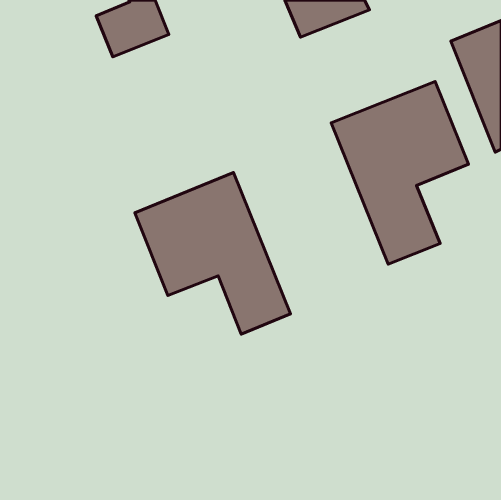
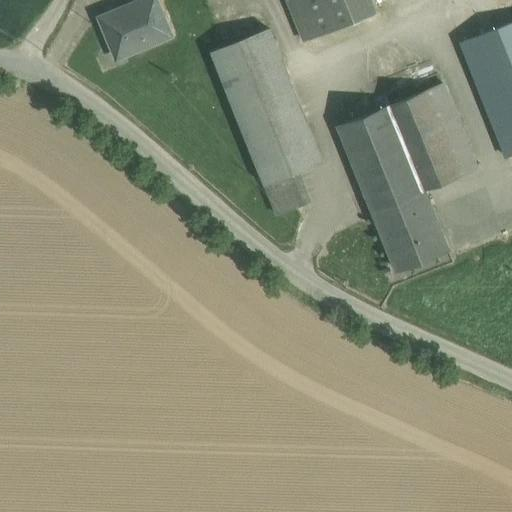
building: none -> [211,30,320,215]
building: [135,172,291,334] -> none

